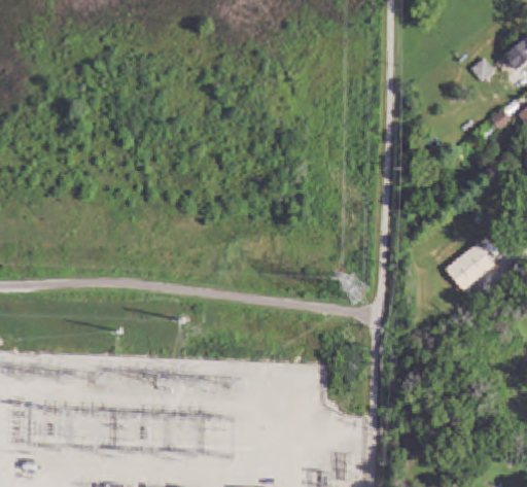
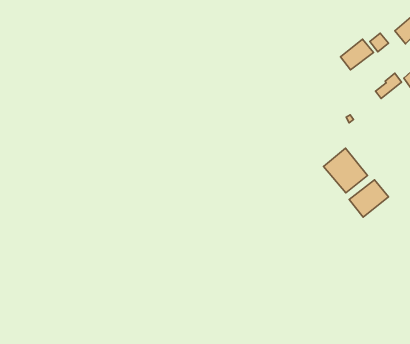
building: none -> [340,39,373,70]
building: none -> [324,148,368,193]

